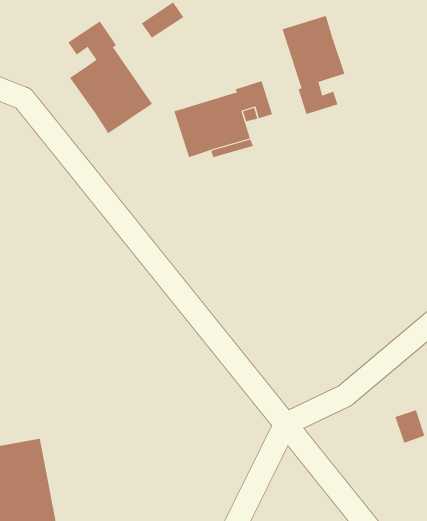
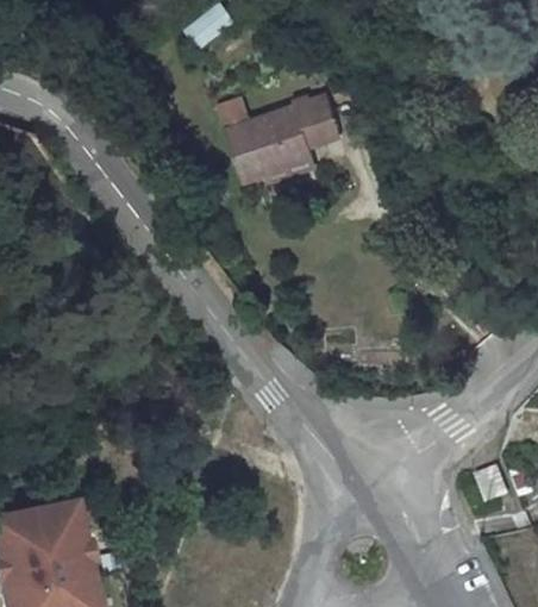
building: [282,15,345,115] -> none
building: [67,20,153,134] -> none

